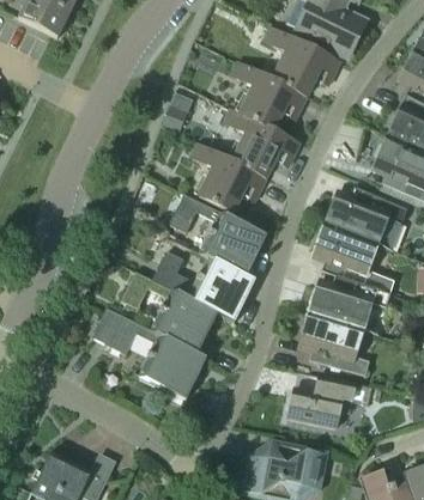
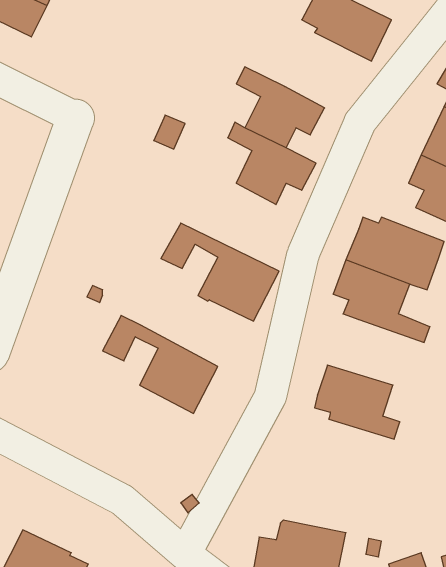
building: [265,26,339,96] -> none
building: [190,142,265,212] -> none
building: [151,250,254,322] -> none
building: [308,274,389,329] -> none
building: [90,306,205,398] -> none
building: [287,376,372,427] -> none

